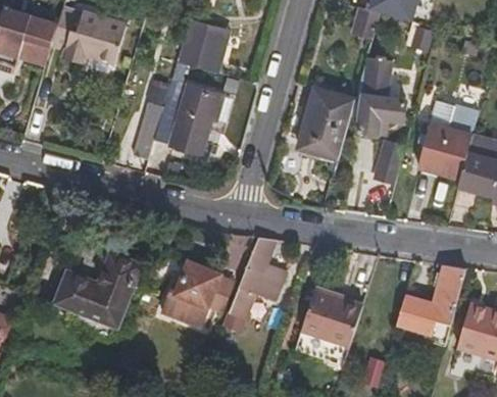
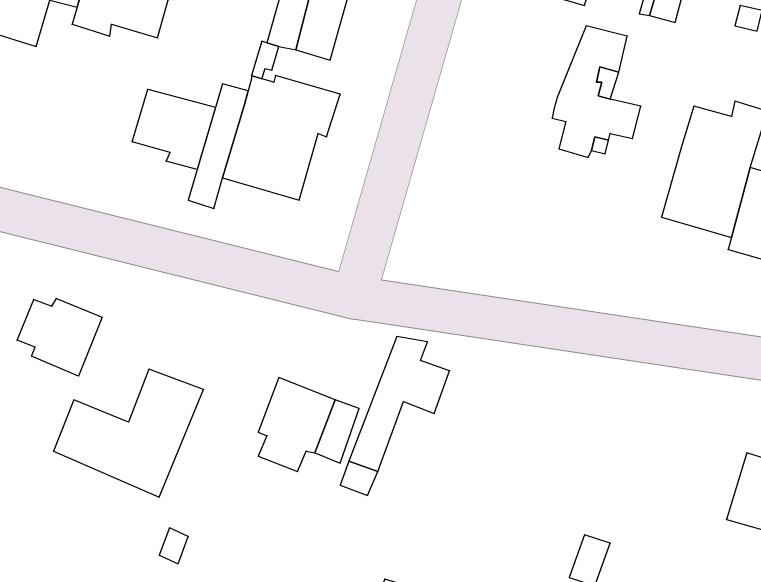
building: none -> [132,89,216,169]
building: [296,91,352,160] -> none
building: [372,142,404,186] -> none
building: none -> [17,298,102,376]
building: [397,266,465,335] -> none
building: [294,287,363,369] -> none

